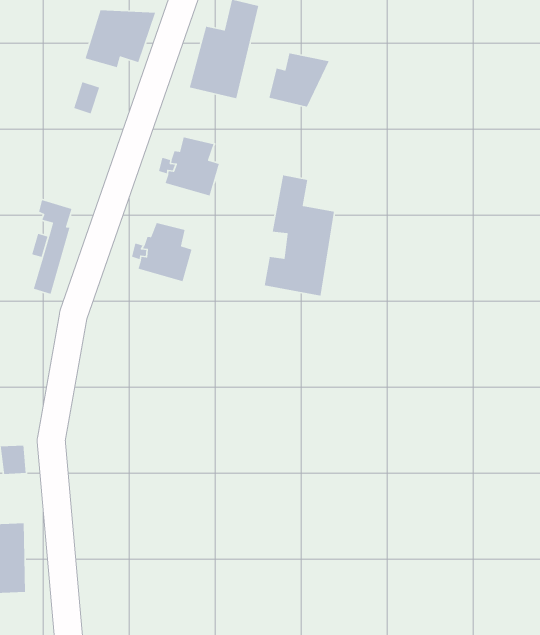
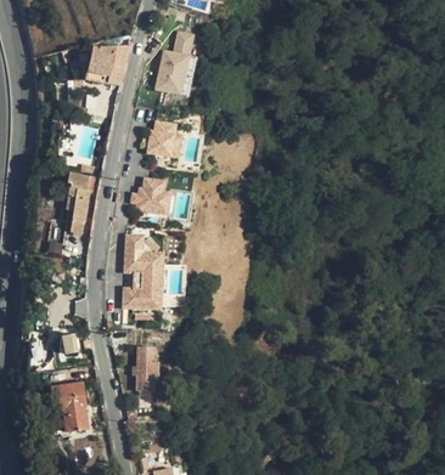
building: [269,53,330,107] -> none
building: [264,175,335,296] -> [123,234,163,310]
building: none -> [136,346,157,391]

